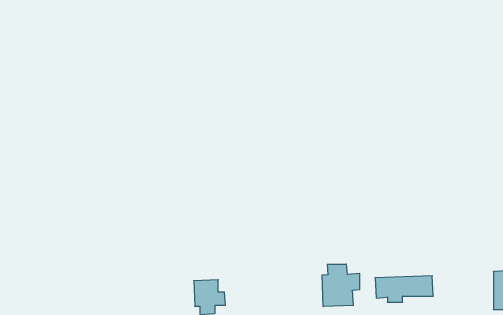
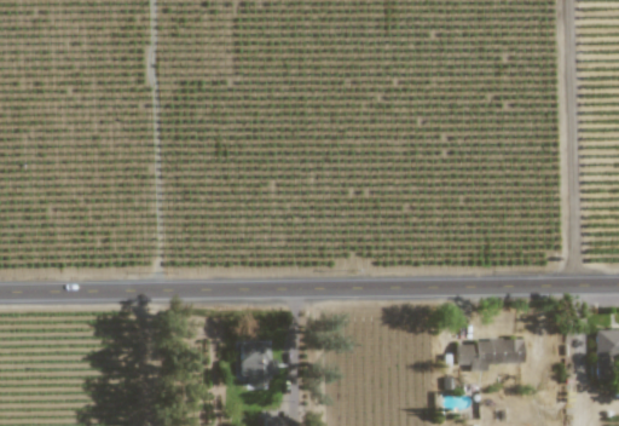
building: [322,264,359,307] -> none

